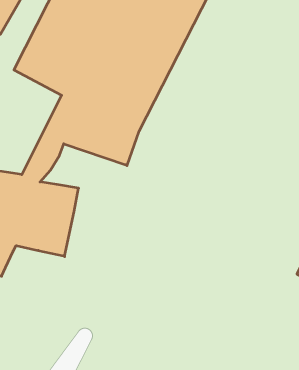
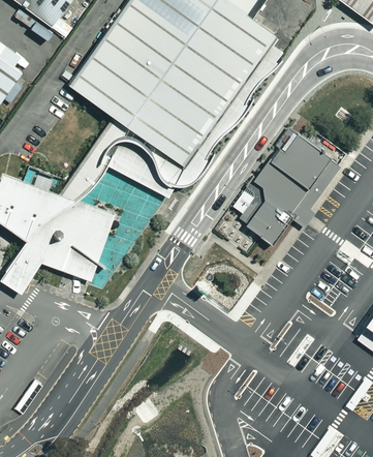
building: none -> [237,128,341,246]

